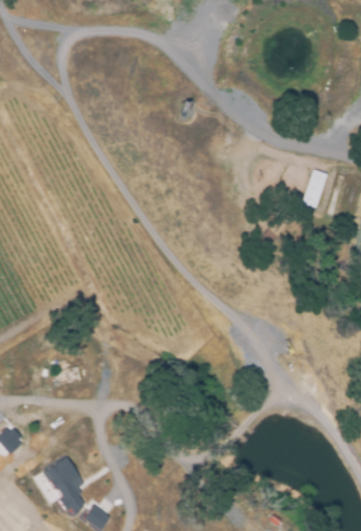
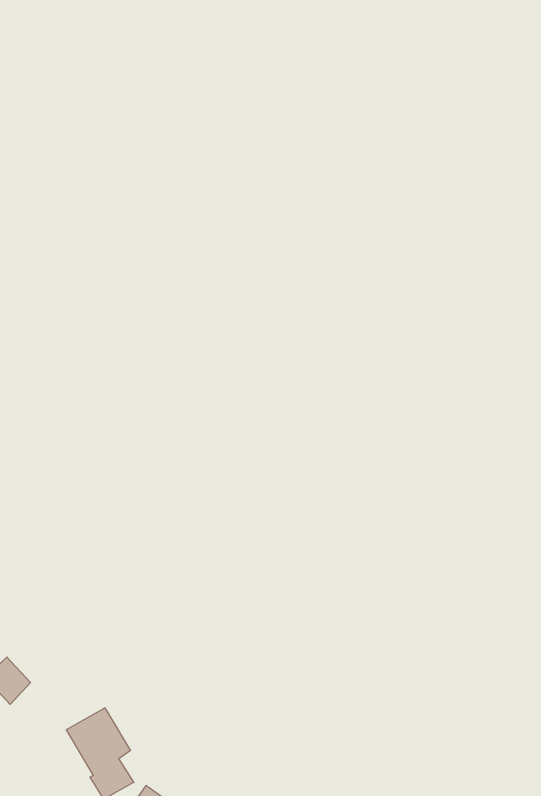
building: [302,169,326,206] -> none

